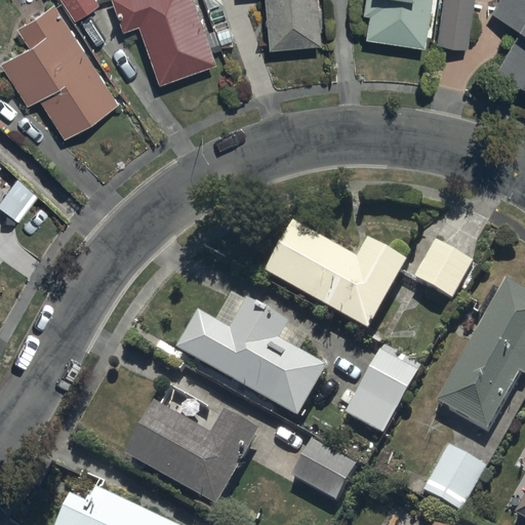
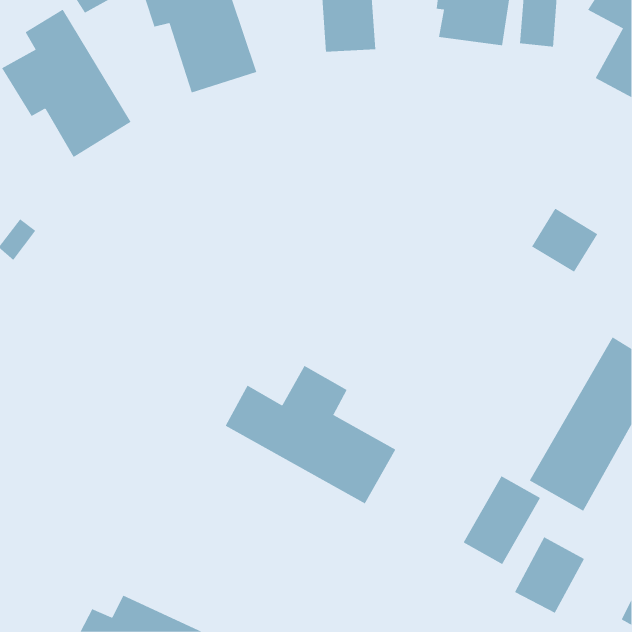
building: [271,227,404,327] -> none
building: [416,245,472,298] -> [531,208,598,272]
building: [351,354,415,428] -> [463,476,541,565]
building: [133,406,259,501] -> none
building: [295,442,356,500] -> none

